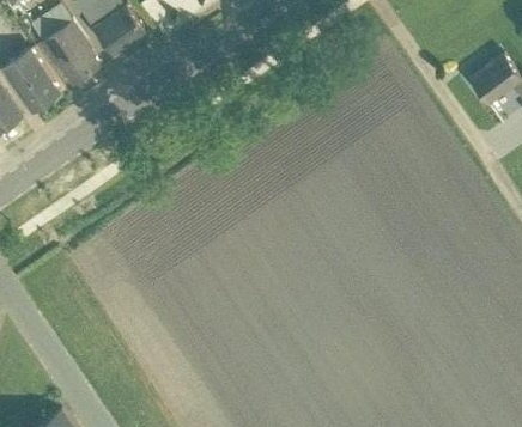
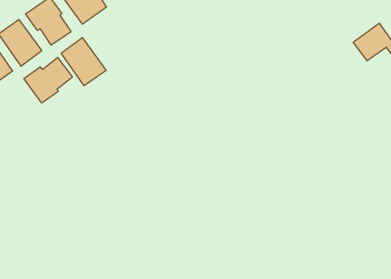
building: none -> [61,37,106,86]
building: none -> [24,57,72,103]

